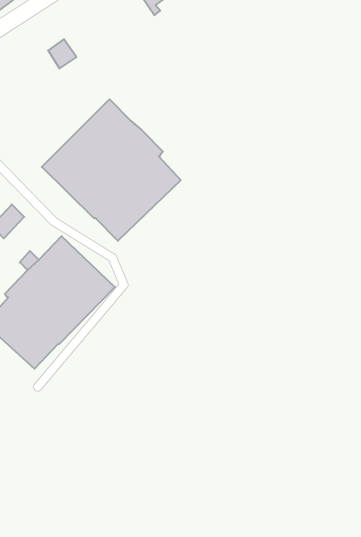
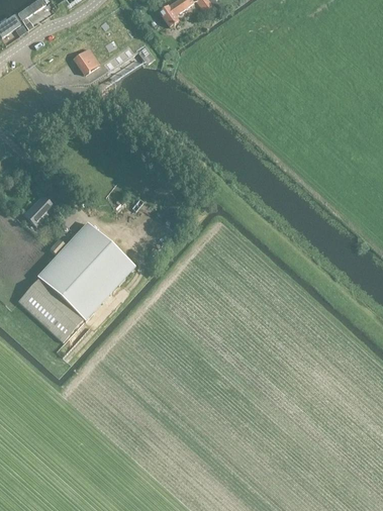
building: [42,99,181,241] -> none

